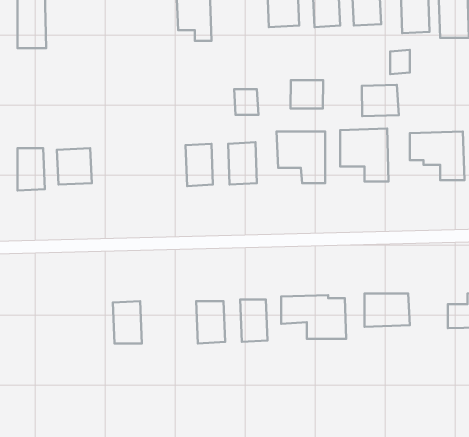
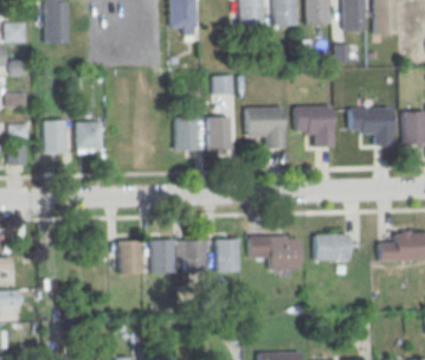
building: [291,80,323,108] -> none
building: [362,85,399,116] -> none
building: none -> [152,240,174,274]

